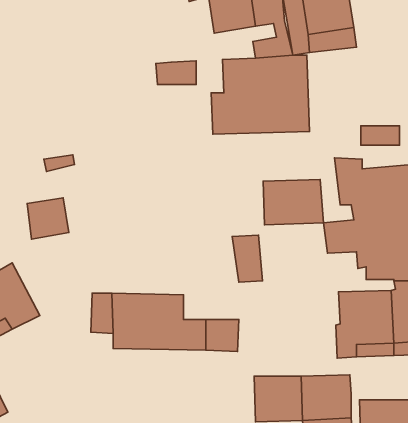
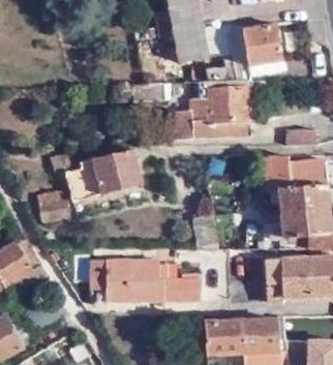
building: none -> [65,149,140,197]
building: [263,180,323,225] -> none

